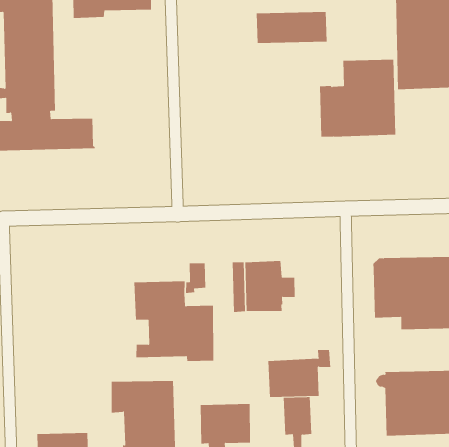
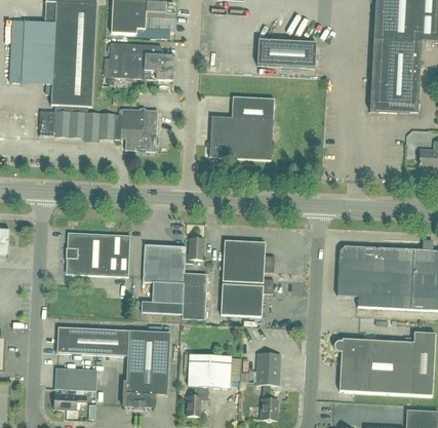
building: none -> [103,42,174,82]
building: [319,59,396,137] -> [209,95,274,159]
building: none -> [120,108,157,150]
building: none -> [66,231,130,276]
building: [267,349,331,398] -> [221,277,273,315]
building: none -> [58,326,119,354]

